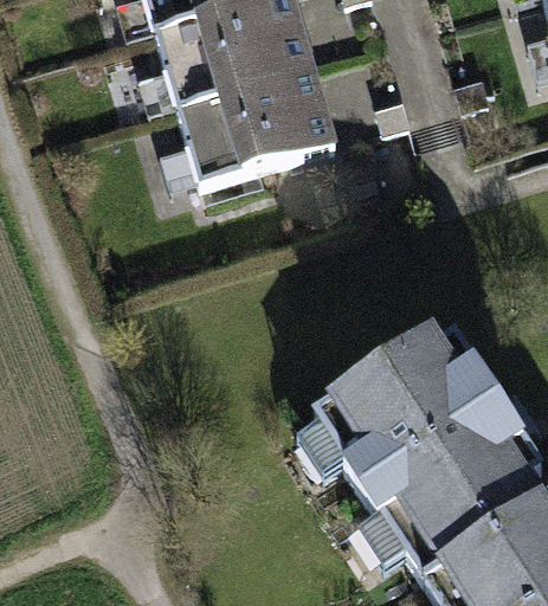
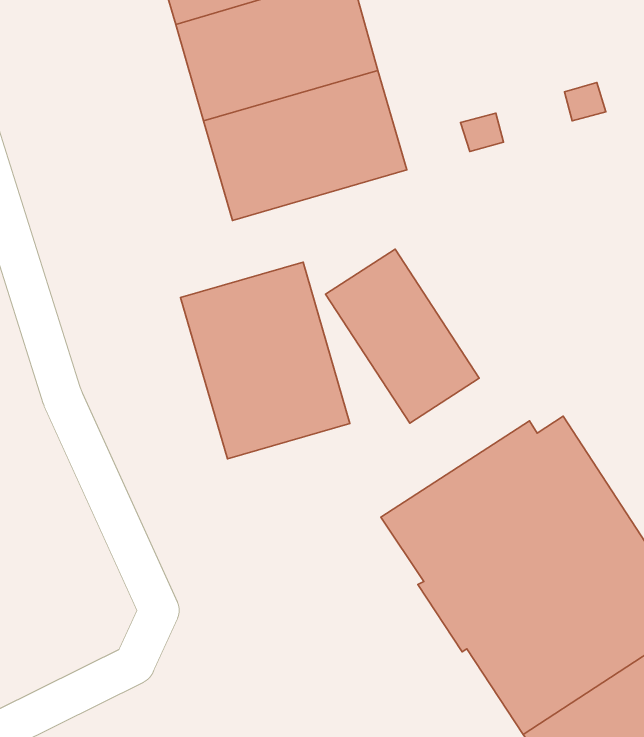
building: none -> [326,249,479,423]
building: none -> [181,262,350,459]

